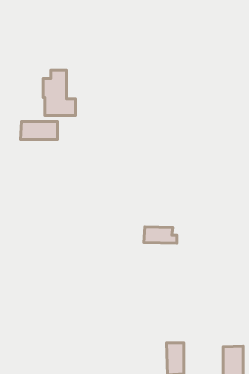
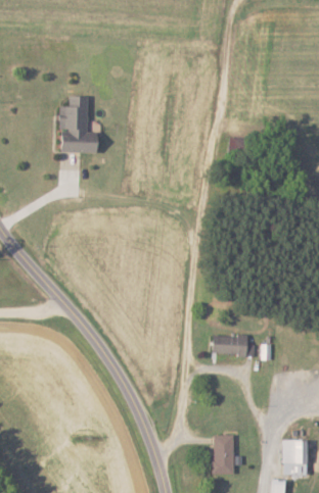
building: [20,122,58,139] -> none
building: [144,227,177,243] -> [213,335,254,355]

